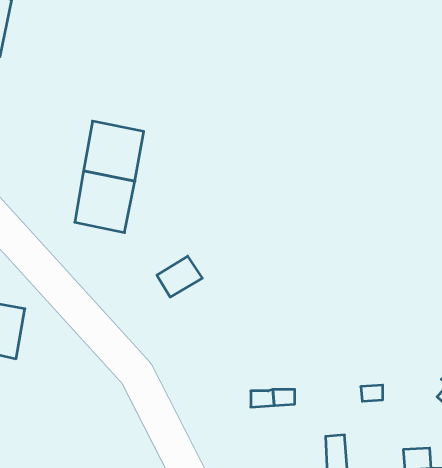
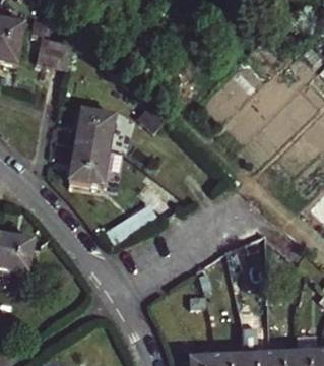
building: none -> [37,36,72,68]

